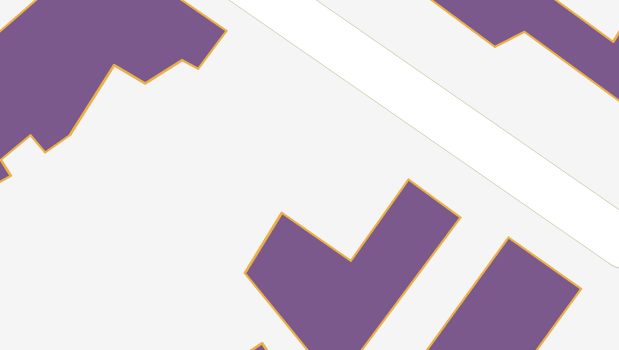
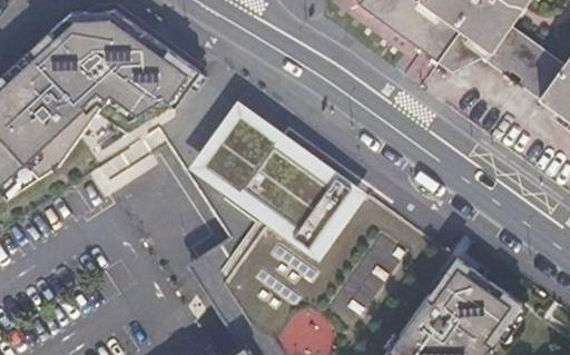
building: none -> [189,98,370,264]

